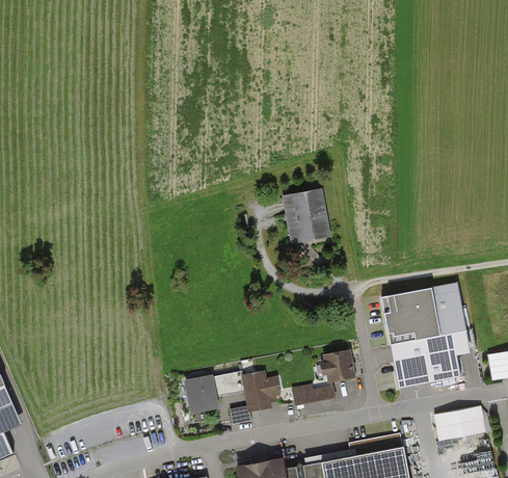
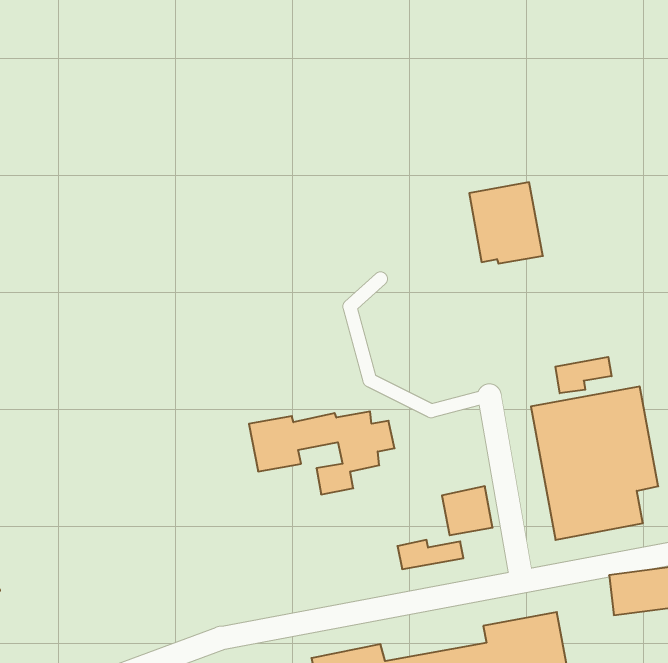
building: [282,188,331,243] -> [469,182,543,264]
building: none -> [555,357,612,393]
building: [183,372,282,428] -> [249,411,395,494]

